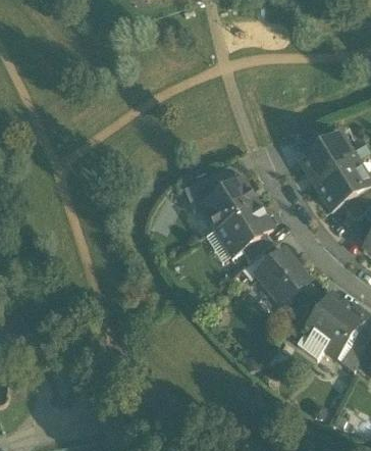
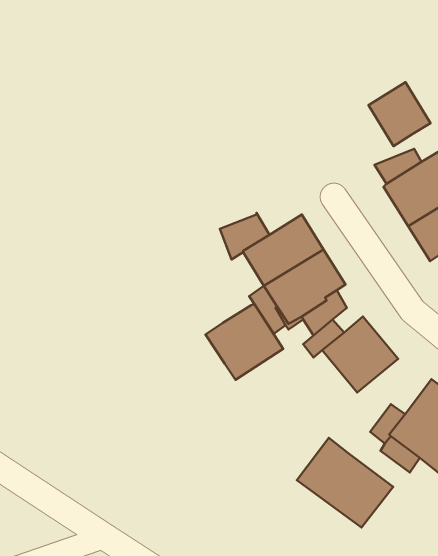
building: none -> [368,82,431,146]
building: none -> [206,304,283,380]
building: none -> [297,438,393,527]

